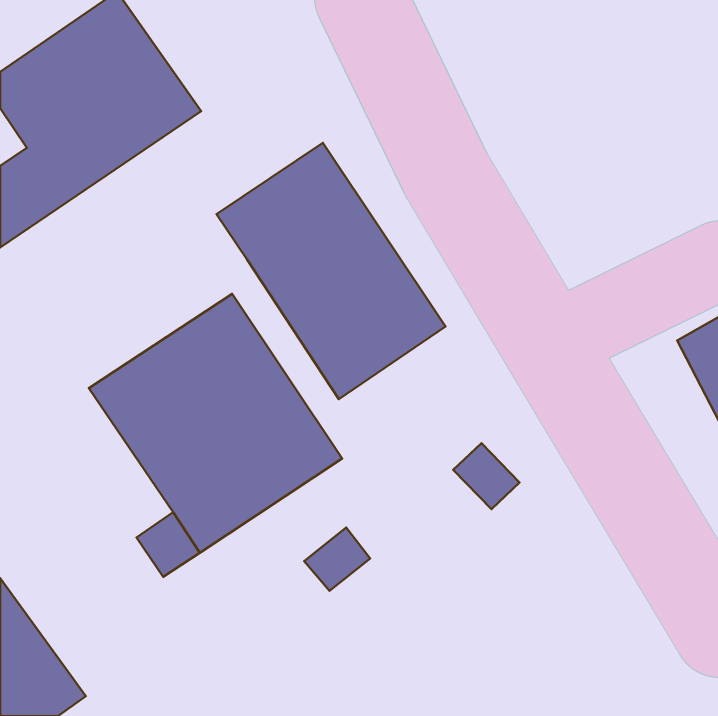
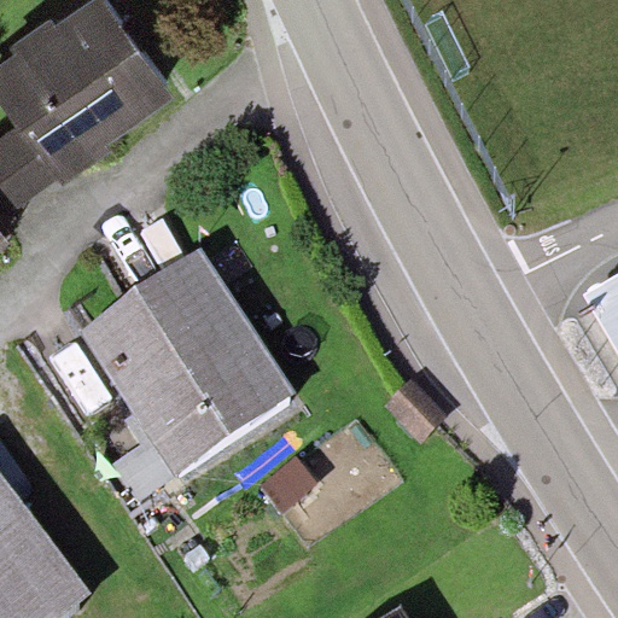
building: [216,143,445,399] -> none

